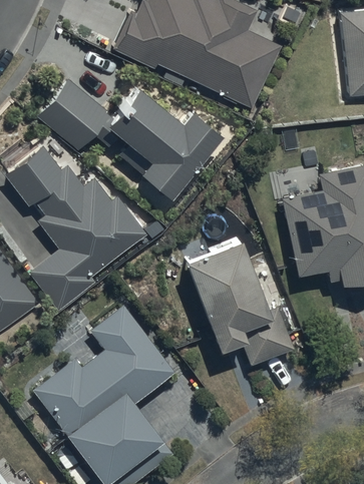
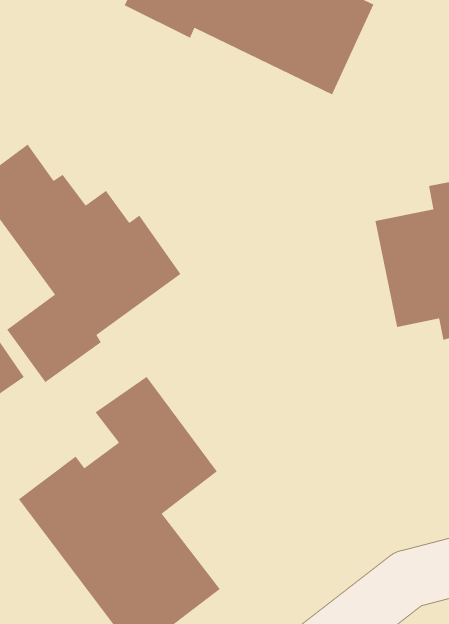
building: [34,78,223,199] -> none
building: [184,234,294,365] -> none

